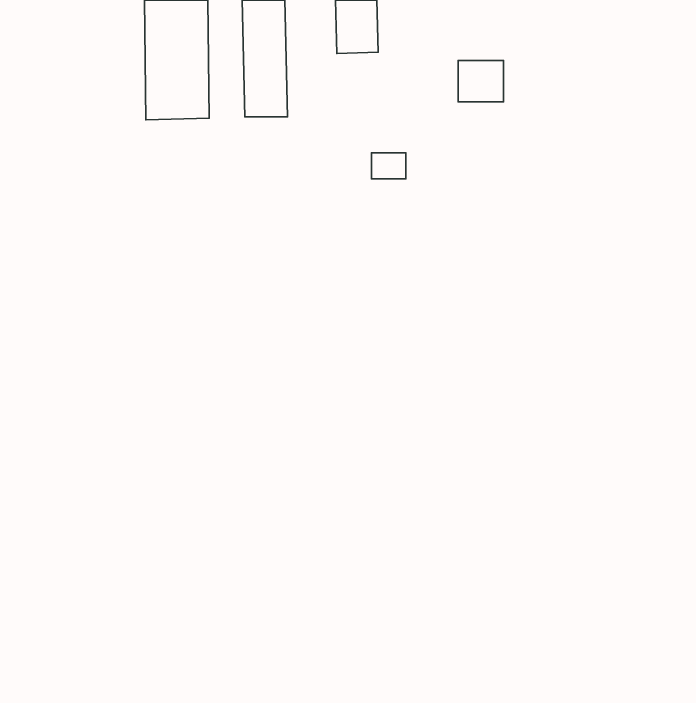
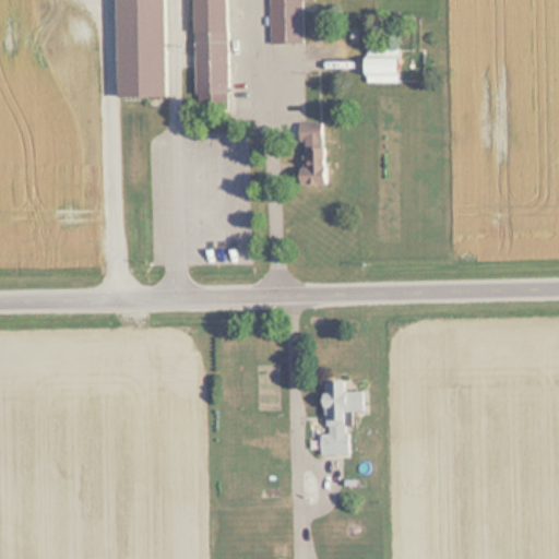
building: none -> [301,145,328,182]
building: none -> [322,381,364,453]

